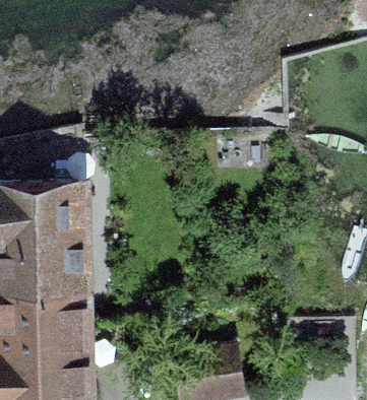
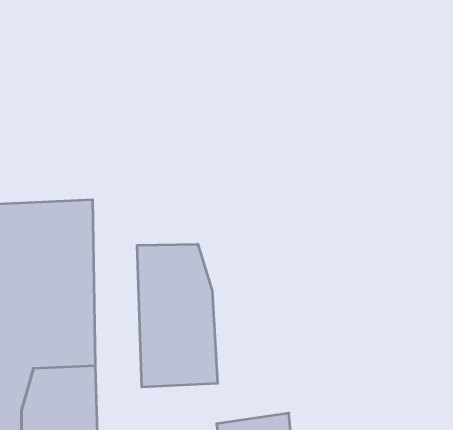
building: none -> [137,244,218,387]

